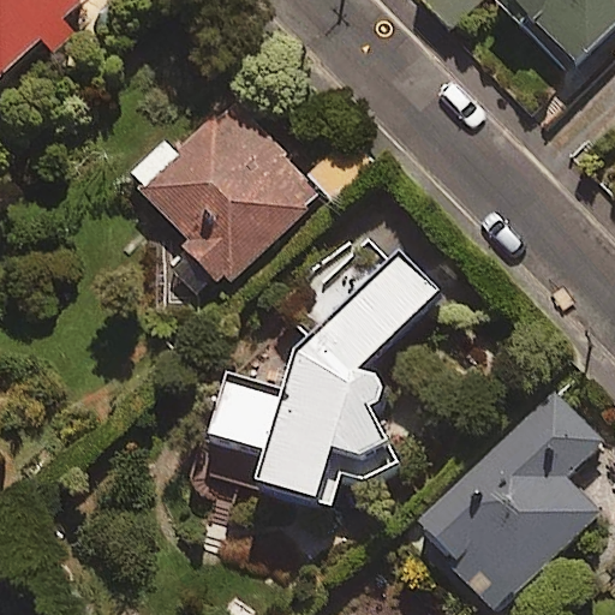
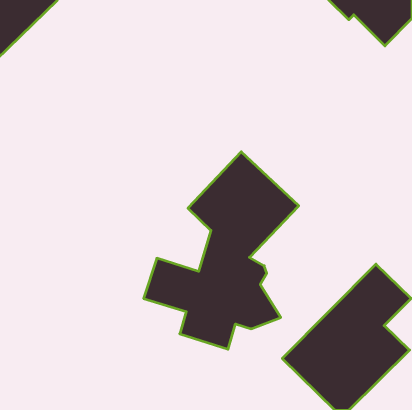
building: [125,98,320,289] -> none

